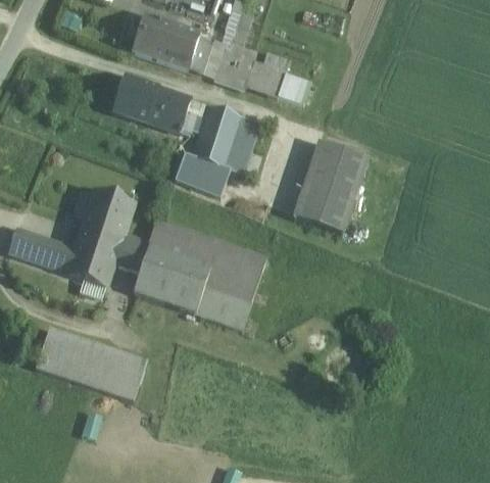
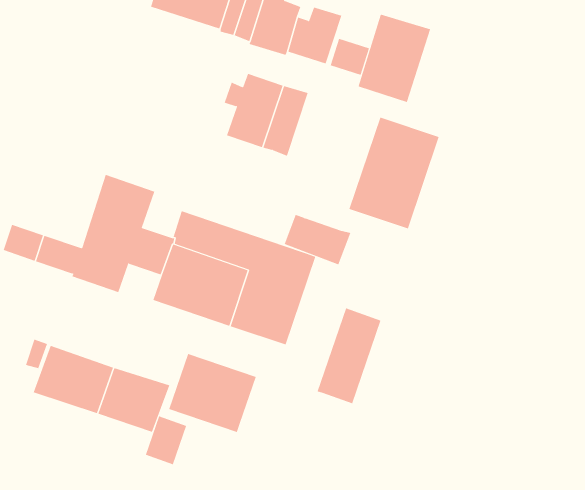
building: none -> [358,14,431,103]
building: [114,76,189,128] -> none
building: [176,152,231,194] -> [284,214,351,265]
building: none -> [317,307,381,404]
building: none -> [169,353,257,433]
building: none -> [145,416,187,465]

